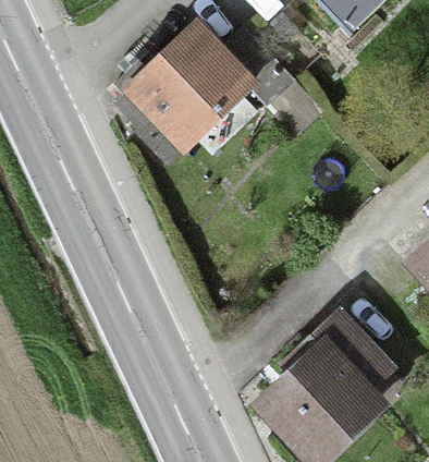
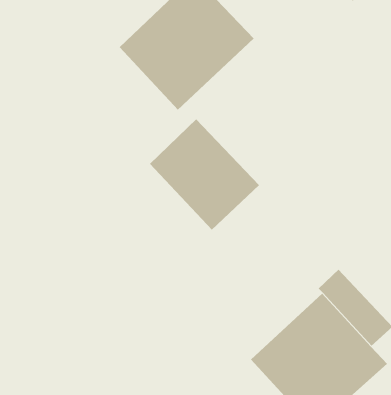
building: none -> [149,118,260,230]

